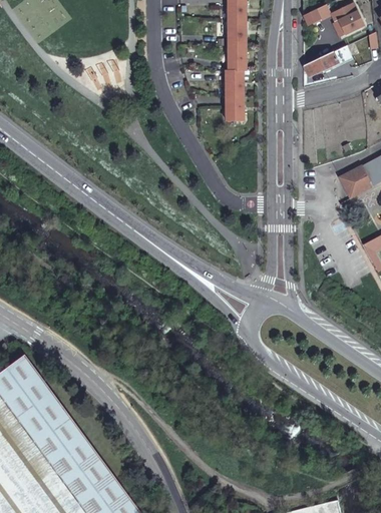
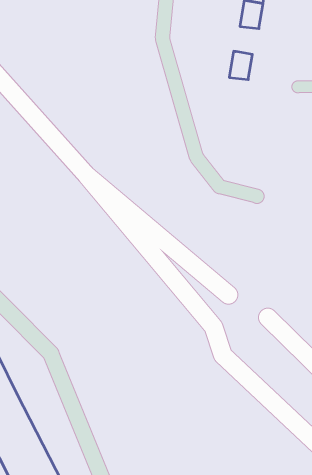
building: [228,48,247,73] -> none
building: [226,97,245,123] -> none

